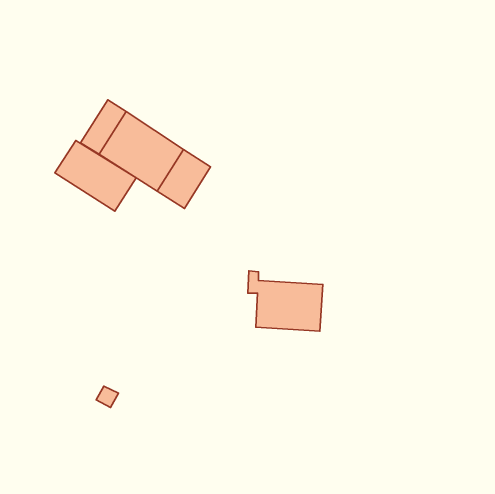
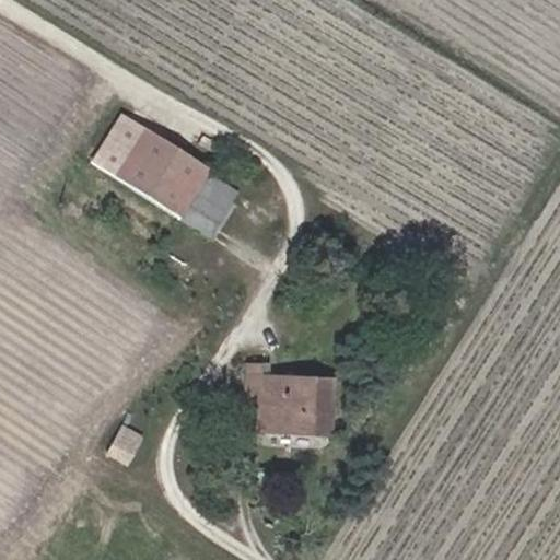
building: [55,141,136,211] -> none
building: [248,271,323,331] -> [247,363,331,431]

